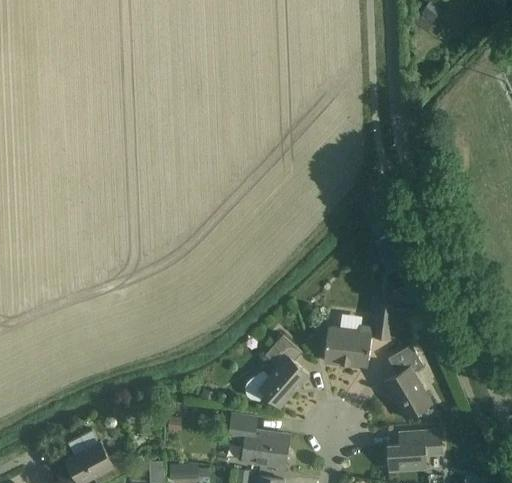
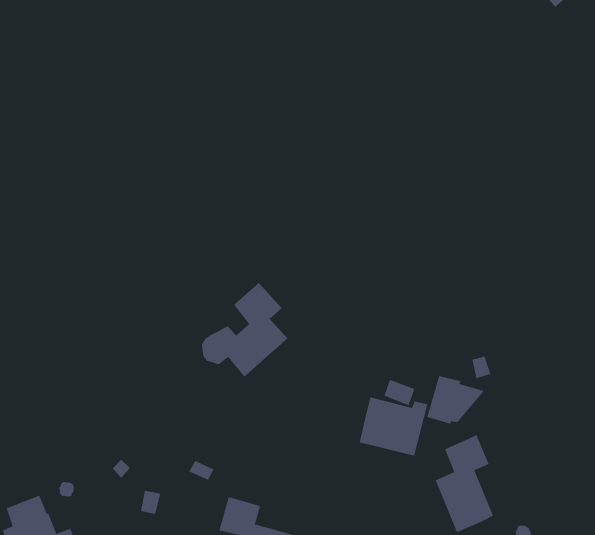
building: [245,336,309,408] -> [201,282,288,378]

